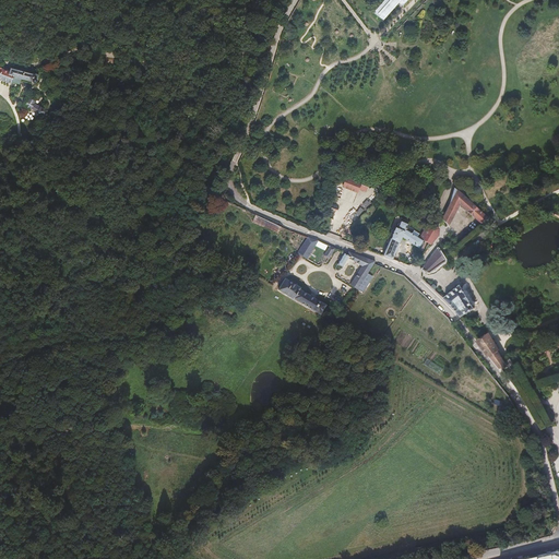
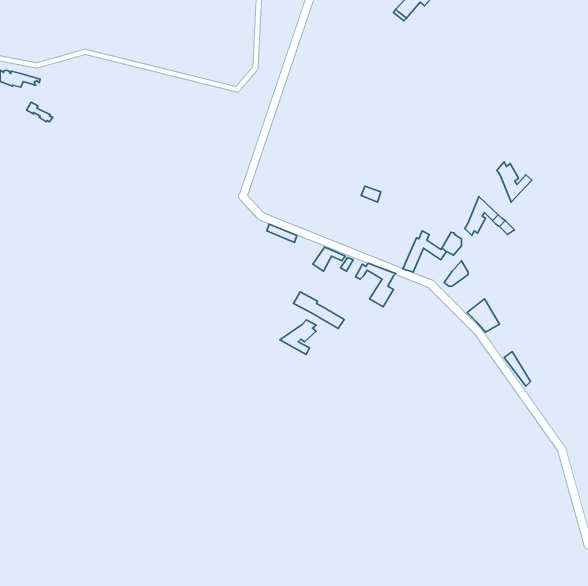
building: none -> [497,162,532,202]
building: none -> [280,320,316,355]

